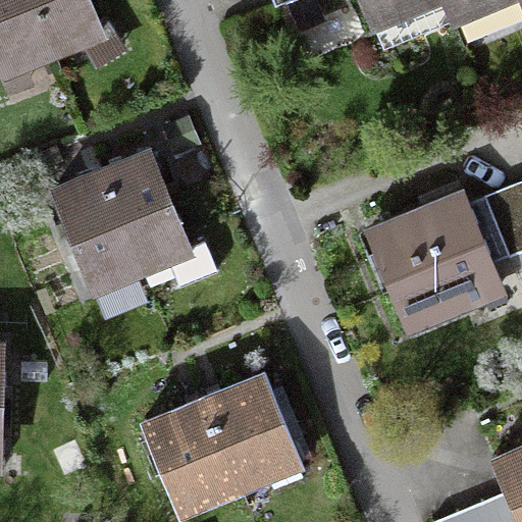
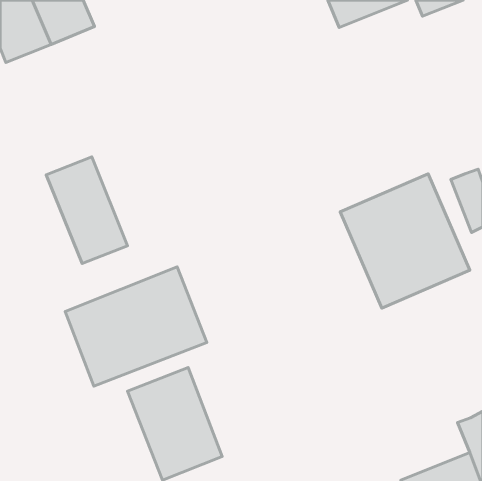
building: [100,151,190,267] -> none
building: none -> [65,267,207,386]
building: [204,375,302,494] -> none

